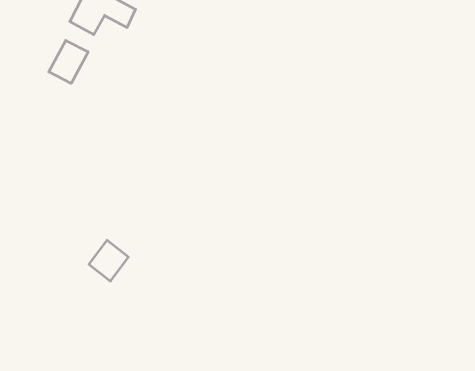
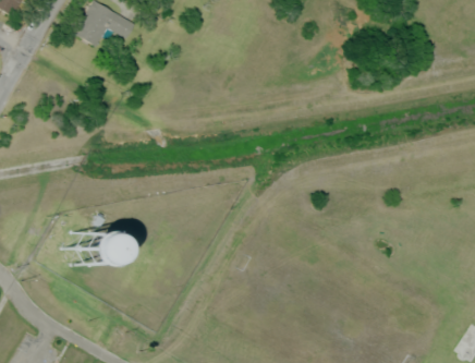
building: [49,40,88,83] -> none

